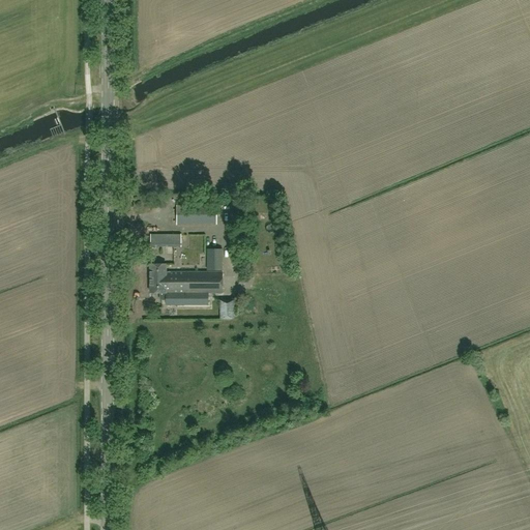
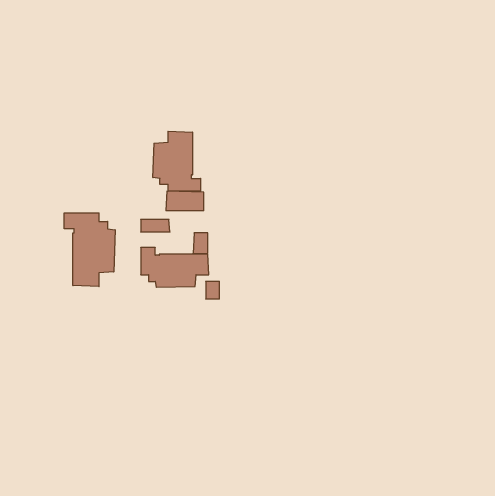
building: none -> [153,131,201,191]
building: none -> [64,213,115,287]

